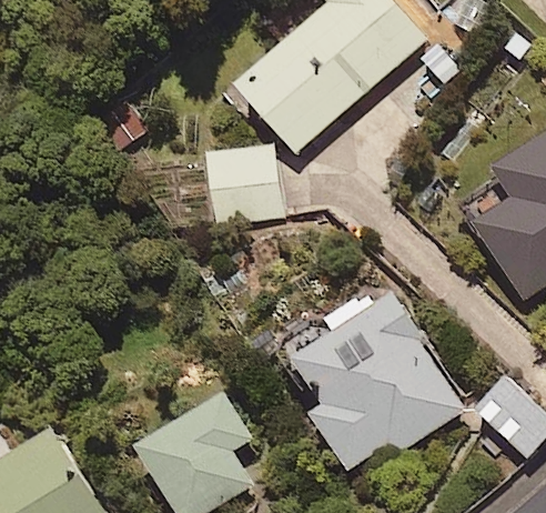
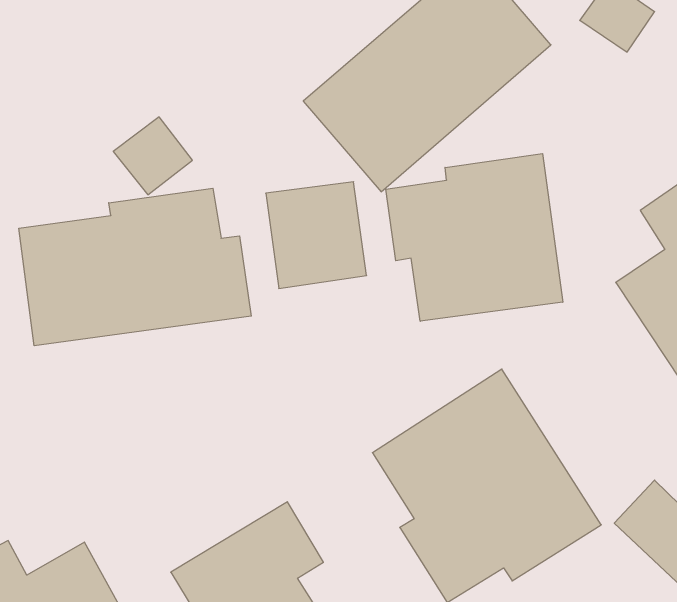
building: none -> [386,154,563,321]
building: none -> [19,188,251,346]

